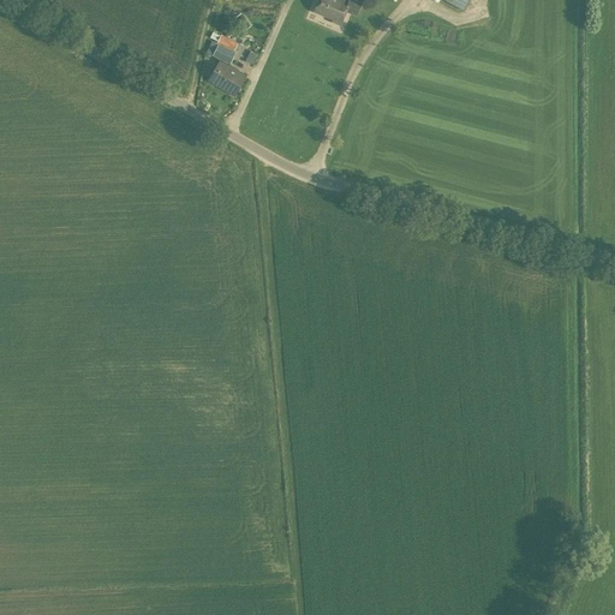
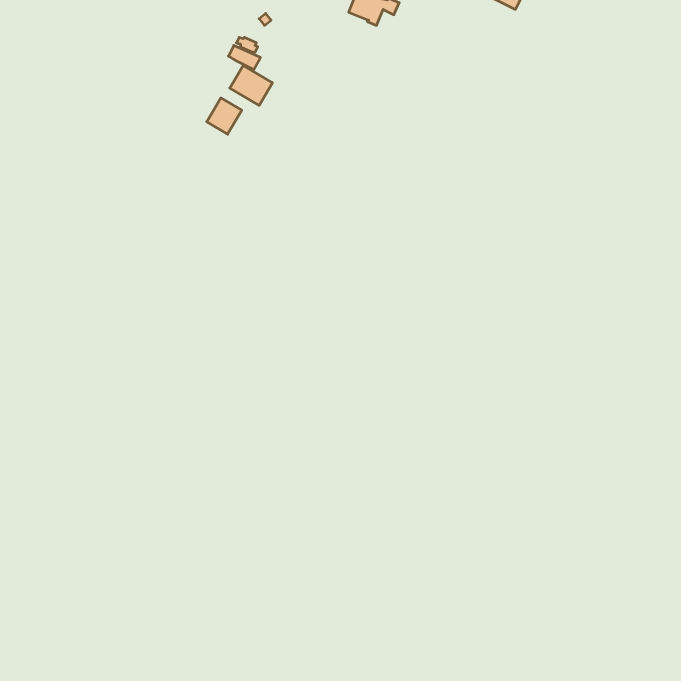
building: none -> [207,98,242,134]

